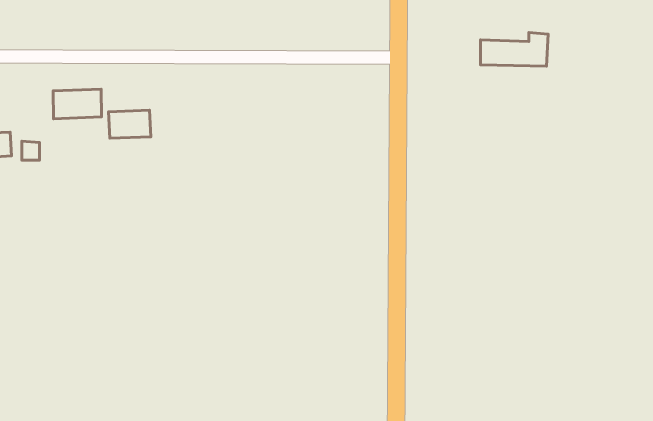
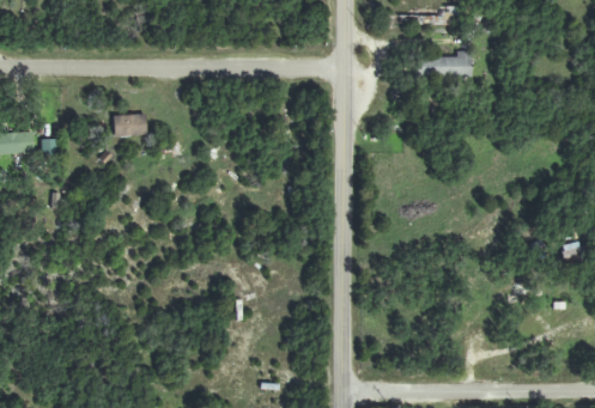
building: [53,89,101,119] -> none

